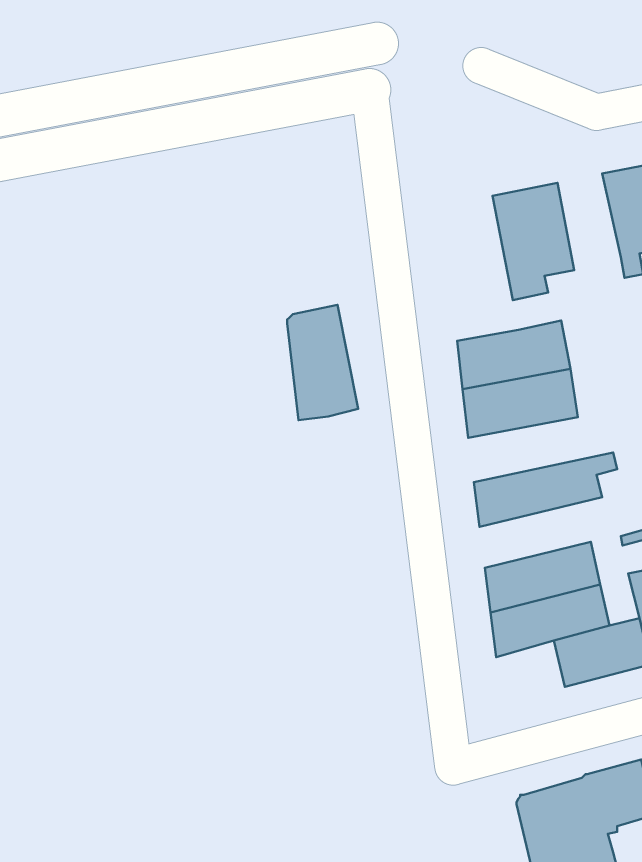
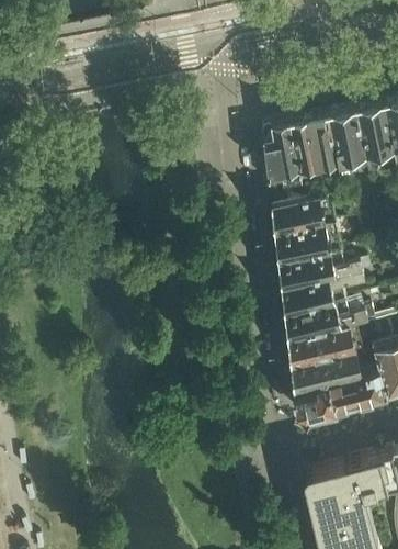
building: none -> [331,111,368,178]
building: [287,305,358,420] -> [263,124,305,192]
building: none -> [278,255,373,293]
building: none -> [285,302,368,344]
building: none -> [295,386,336,423]

